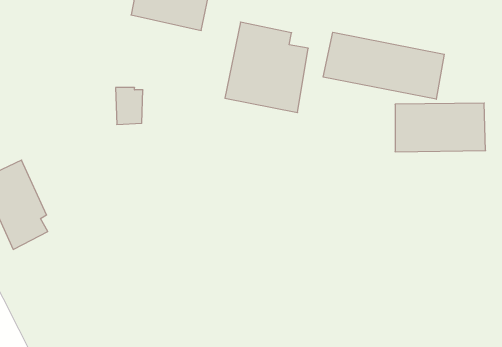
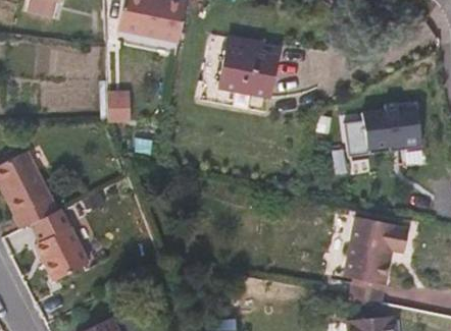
building: [323,32,444,99] -> none
building: none -> [29,210,86,282]
building: none -> [344,216,408,302]

